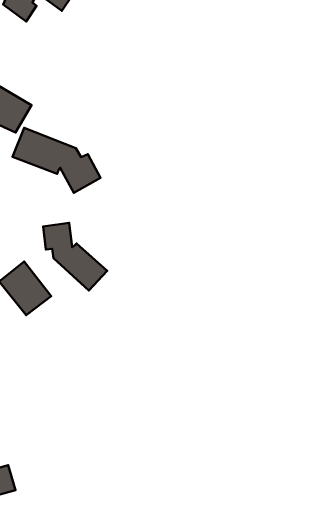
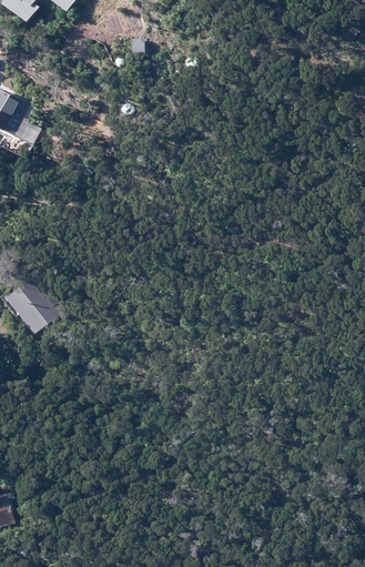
building: [12,128,100,193] -> none
building: [43,223,107,290] -> none

